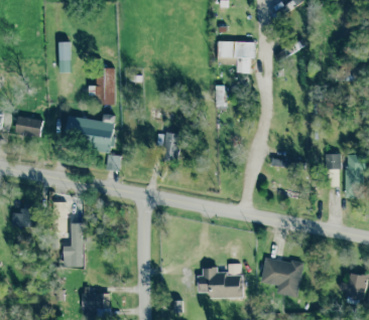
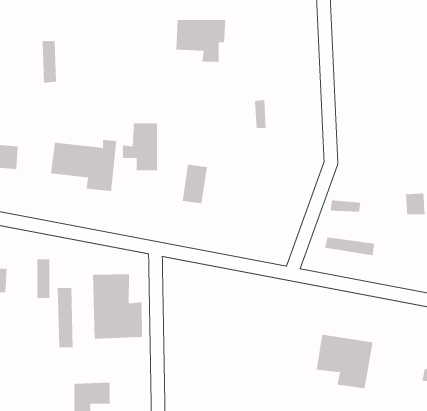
building: [218,41,255,72] -> [176,20,226,62]
building: [89,68,115,104] -> [122,123,158,171]
building: none -> [93,274,142,340]
building: [200,264,242,298] -> none

